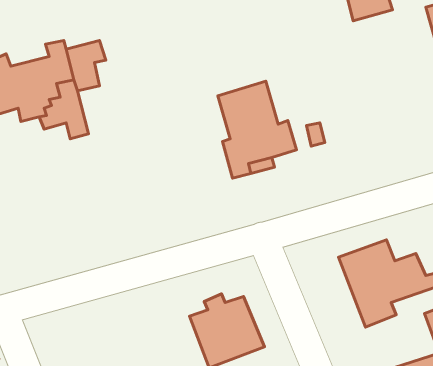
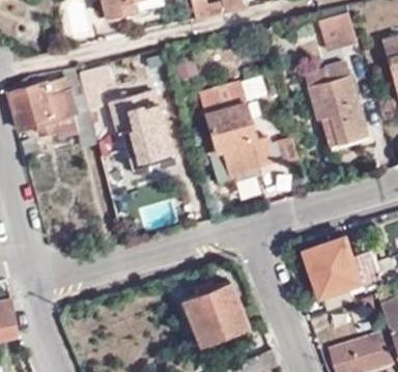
building: none -> [304,62,364,144]
building: none -> [199,83,246,114]
building: none -> [113,95,173,164]

